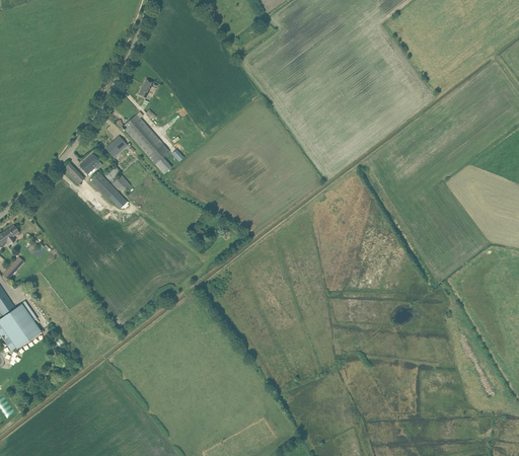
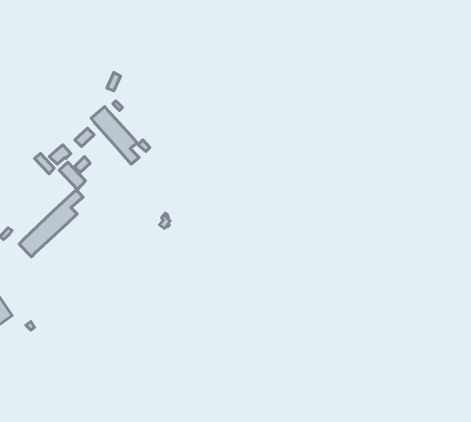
building: none -> [19,190,83,257]

